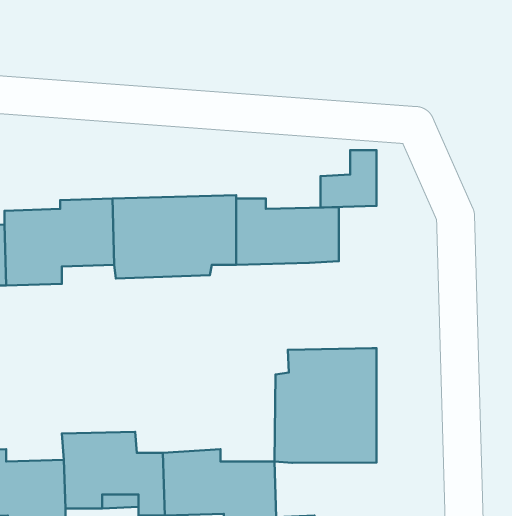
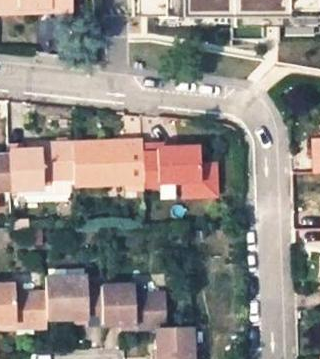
building: [321,150,376,208] -> [184,163,216,196]
building: [274,348,377,463] -> none

